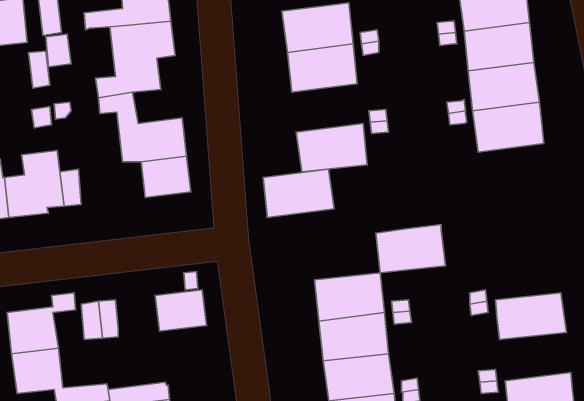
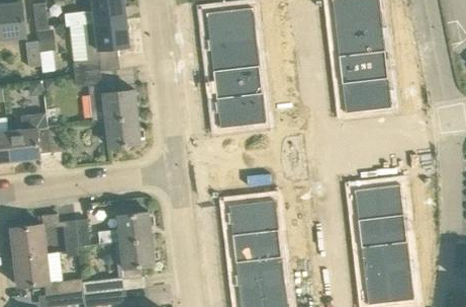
building: [263,169,334,217] -> [212,65,263,99]
building: [376,225,446,273] -> [354,184,403,219]
building: none -> [118,237,155,280]
building: none -> [360,242,410,277]

